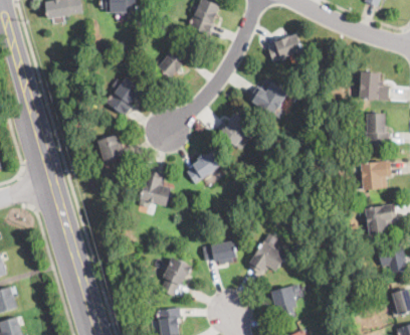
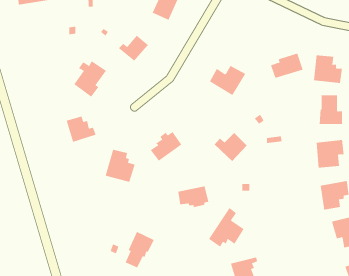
building: [266,34,301,61] -> [270,53,304,78]
building: [215,115,250,146] -> [214,132,247,162]
building: [203,240,236,264] -> [178,186,209,208]

